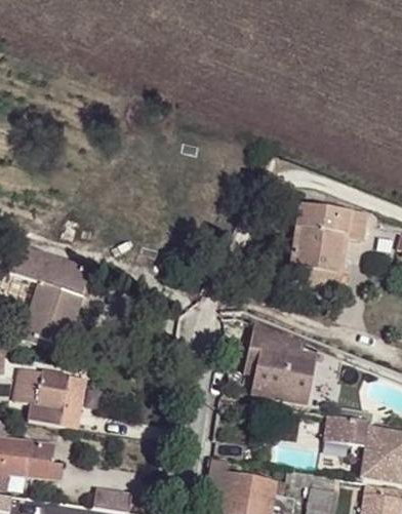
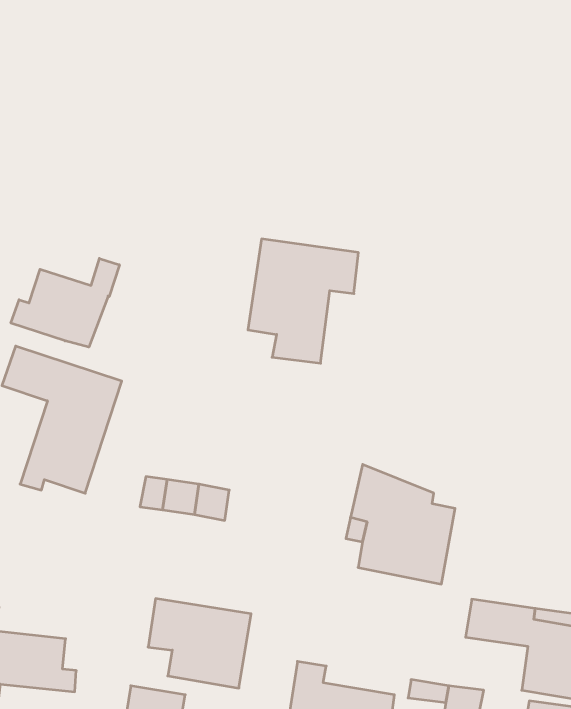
building: none -> [11,258,119,347]
building: [291,204,366,288] -> [248,239,358,363]
building: [16,368,86,429] -> [148,599,251,688]

